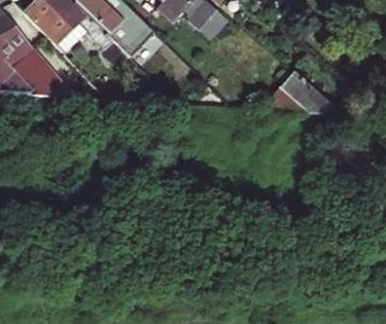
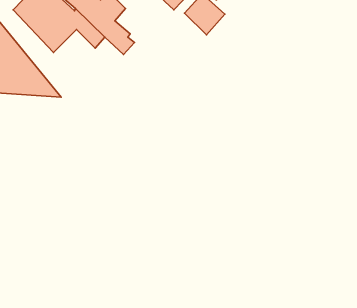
building: [268,70,344,113] -> none

